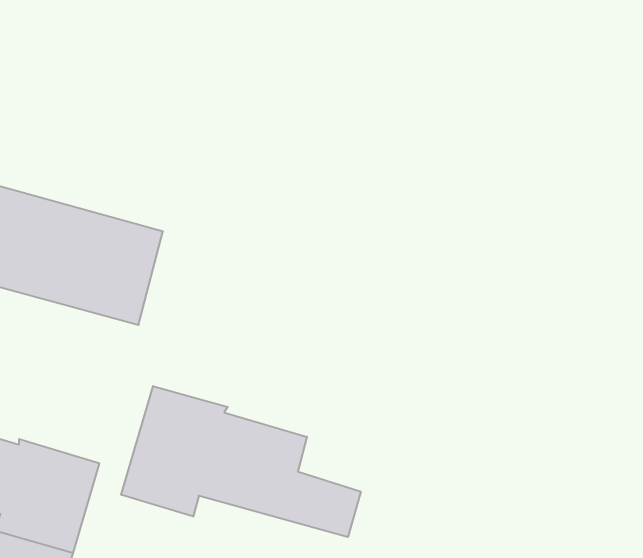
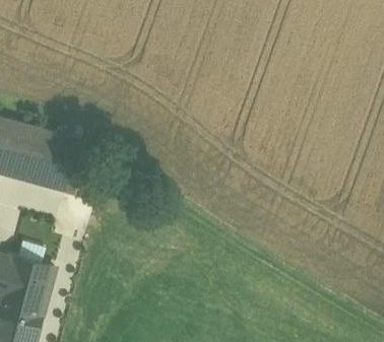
building: [121,386,361,537] -> none

